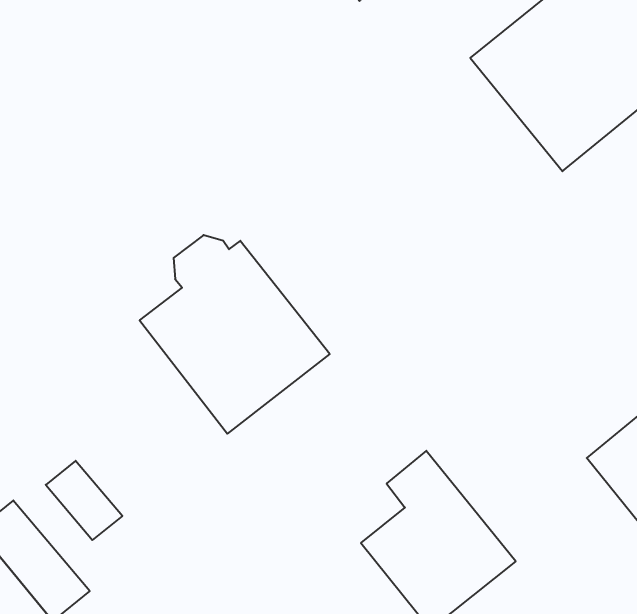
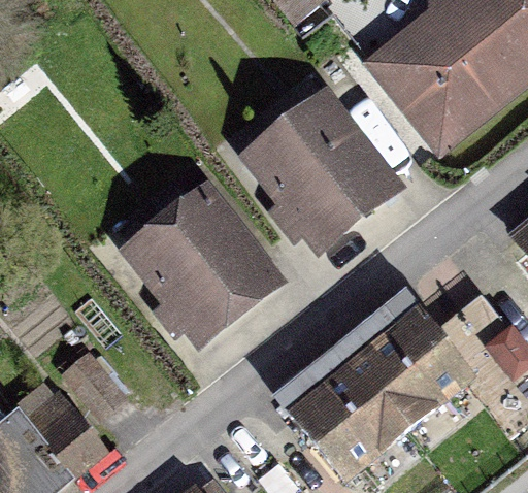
building: none -> [254,100,392,240]
building: none -> [342,314,469,427]

